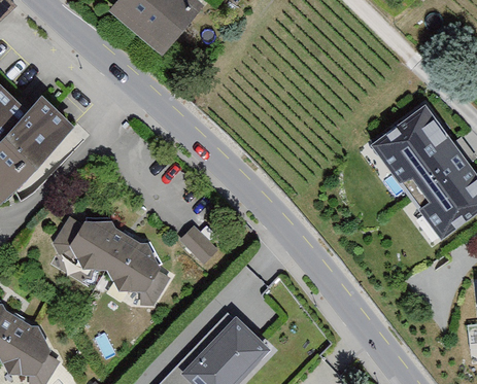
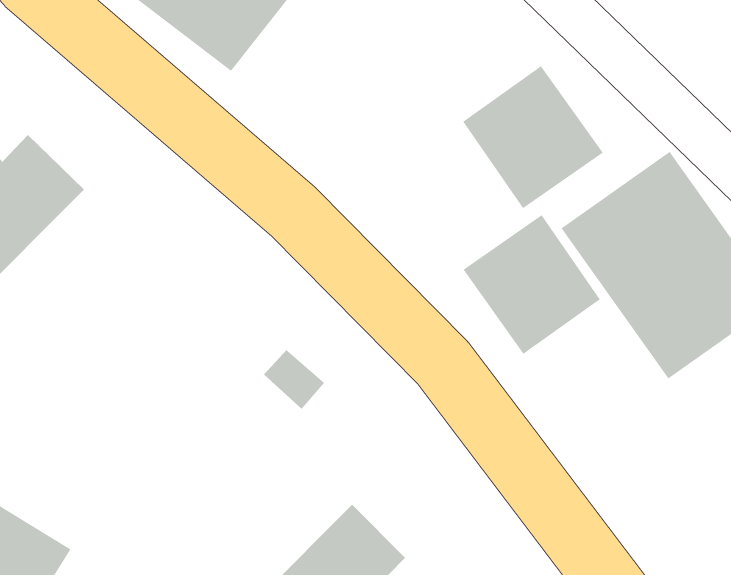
building: none -> [462,65,604,209]
building: none -> [462,214,601,355]
building: [60,211,164,300] -> none

